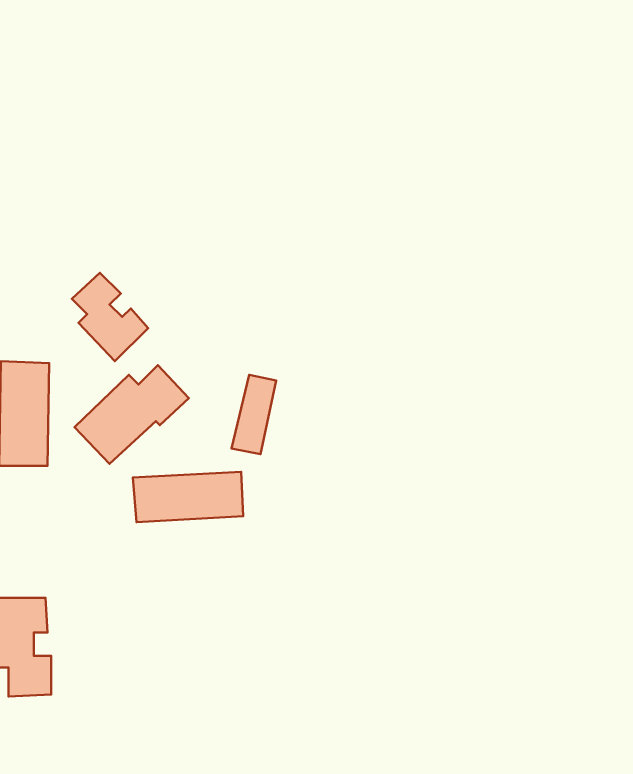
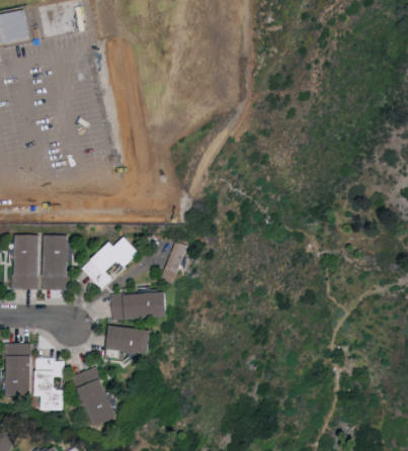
building: [72,273,148,361] -> none
building: none -> [105,325,151,354]
building: none -> [75,366,116,426]

